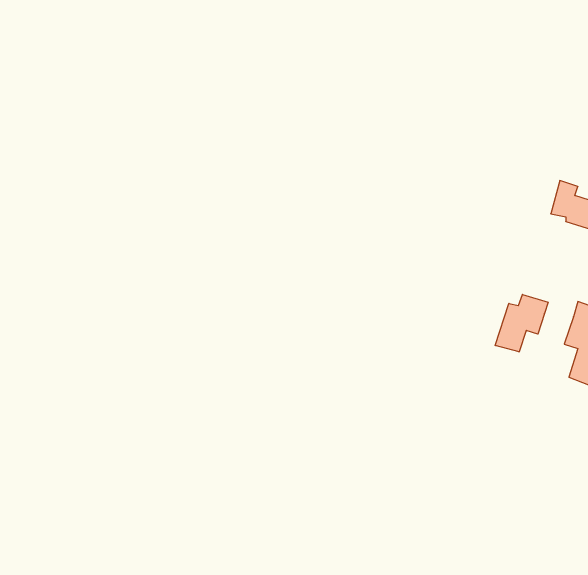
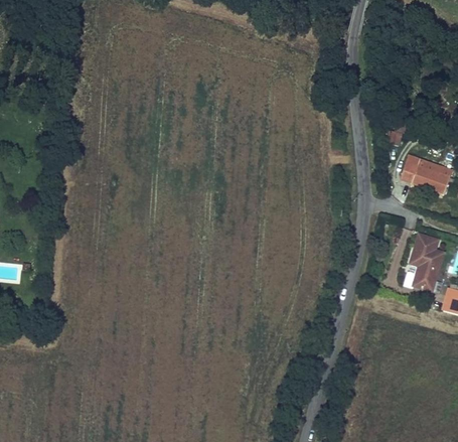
building: [495,294,548,352] -> none

